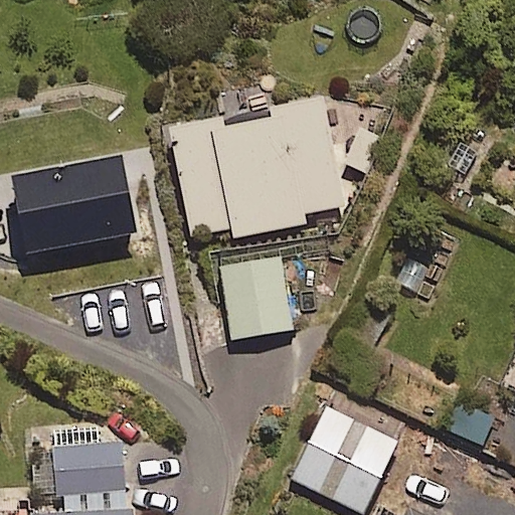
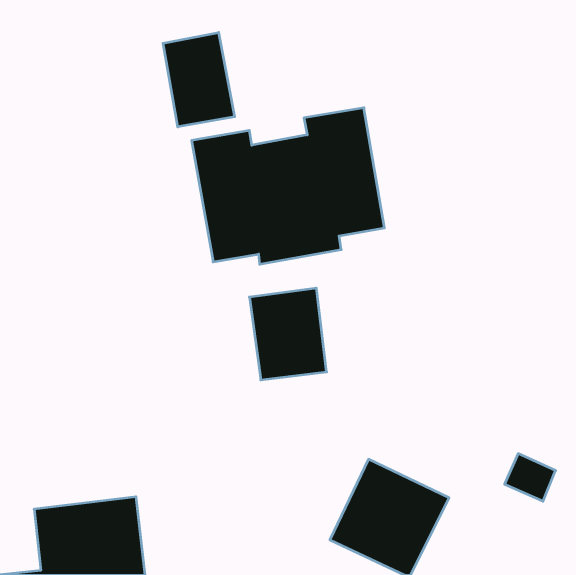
building: none -> [163,32,235,127]
building: [15,159,138,254] -> none

